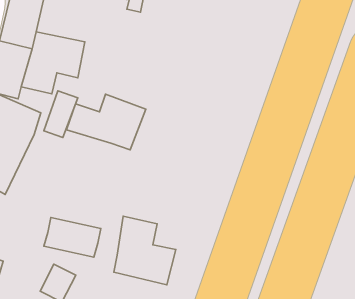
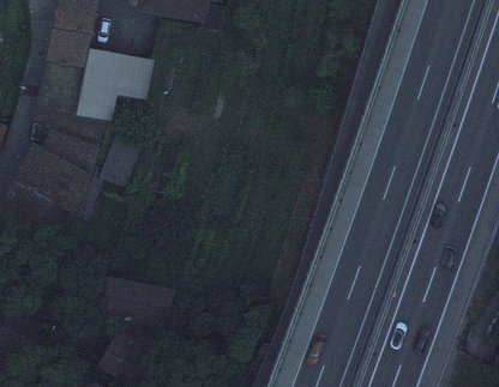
building: [67,94,146,150] -> none
building: [114,216,176,285] -> none

